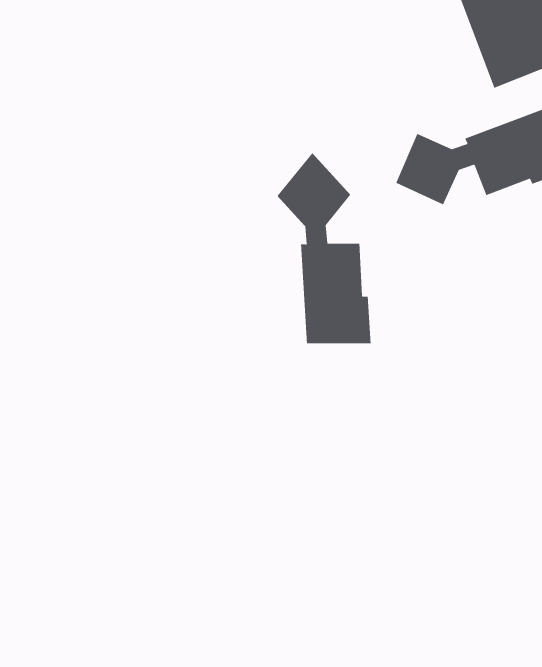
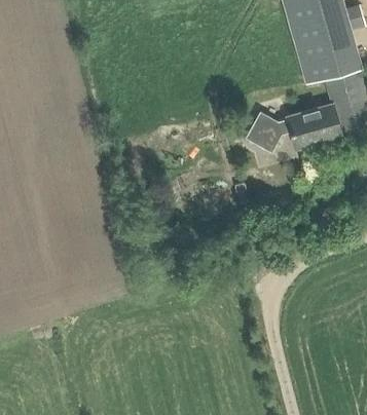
building: [277,152,372,344] -> none

